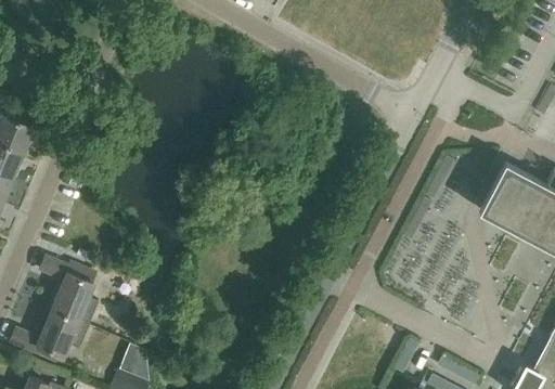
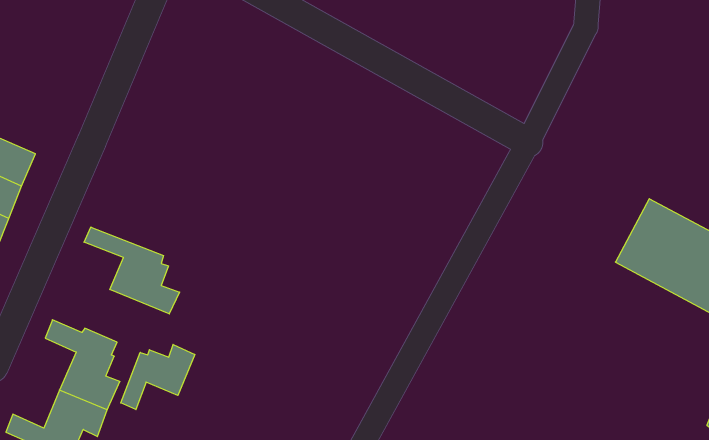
building: none -> [84,227,180,314]
building: none -> [121,344,195,410]

